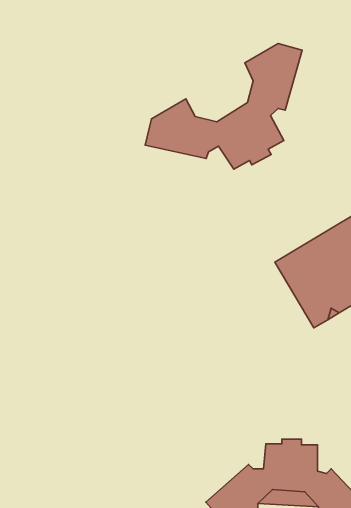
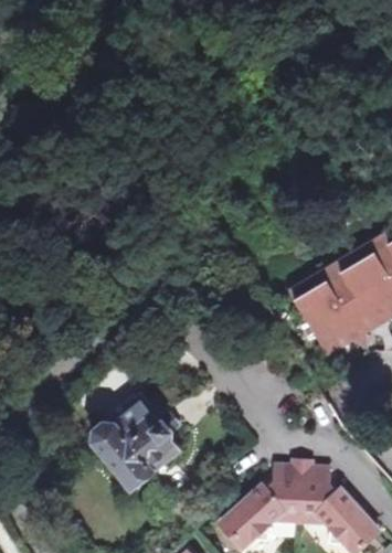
building: [145,43,302,169] -> none
building: none -> [95,393,180,488]

